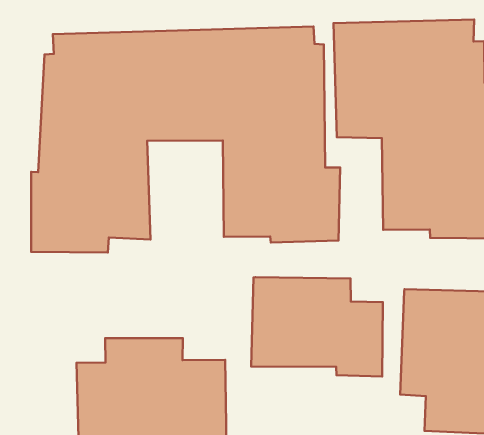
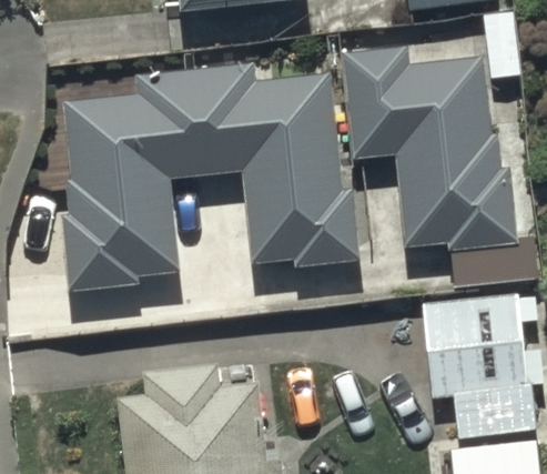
building: [251,277,383,376] -> none

